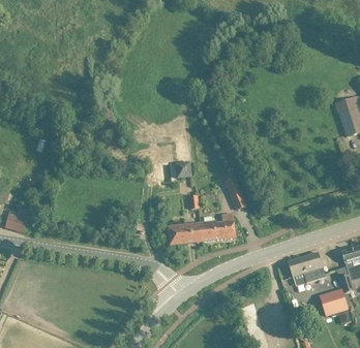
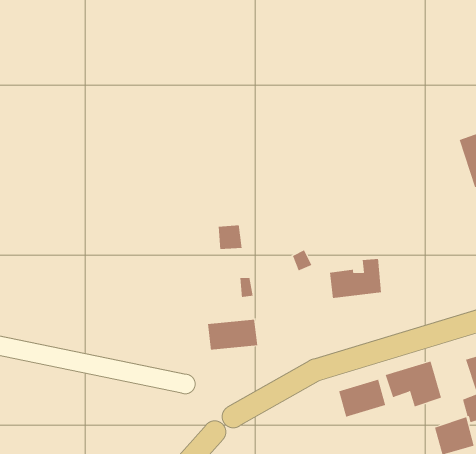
building: [200,215,235,242] -> [329,258,382,299]
building: none -> [338,379,386,418]

